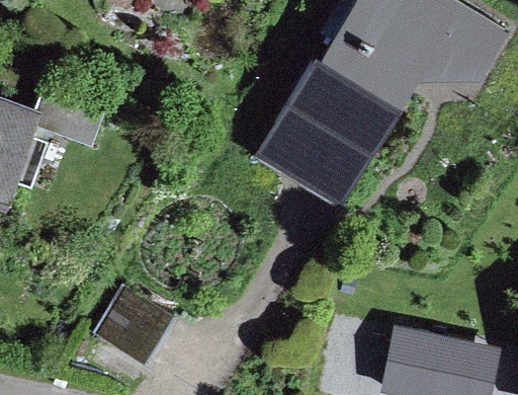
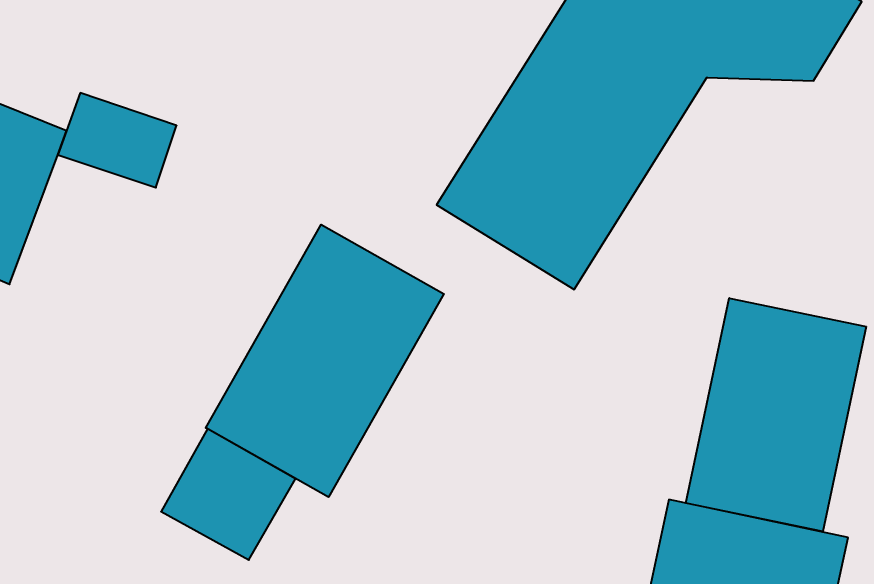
building: none -> [206,225,444,497]
building: none -> [686,298,866,532]

